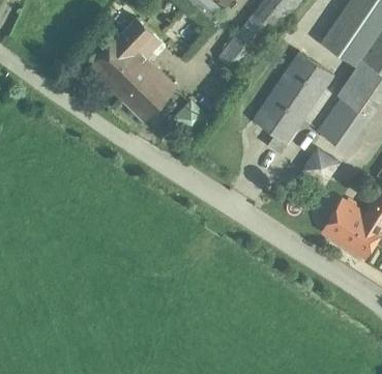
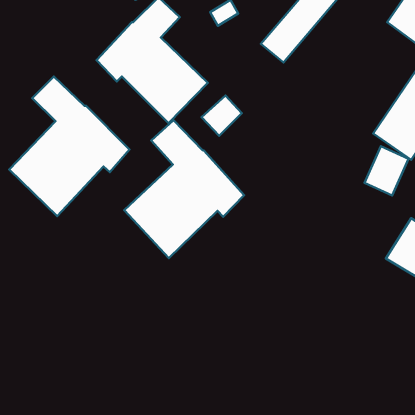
building: [253,53,334,155] -> none
building: none -> [9,77,130,216]
building: none -> [124,120,244,258]

